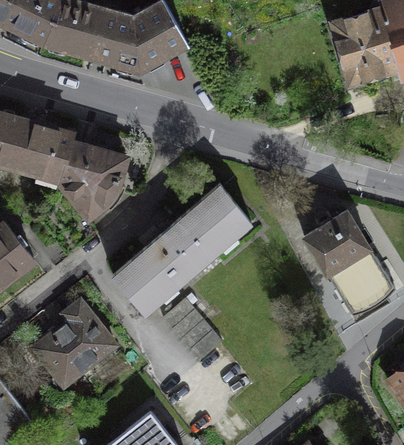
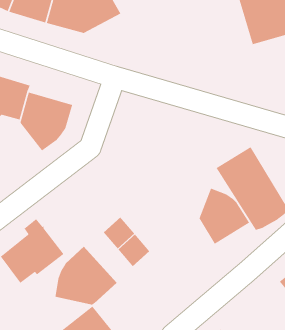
building: [113,185,252,315] -> none
building: none -> [199,187,250,245]
building: none -> [55,246,118,306]

